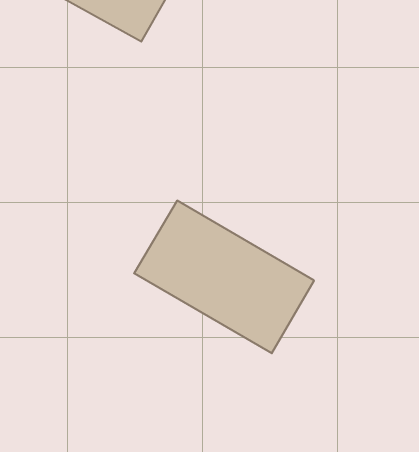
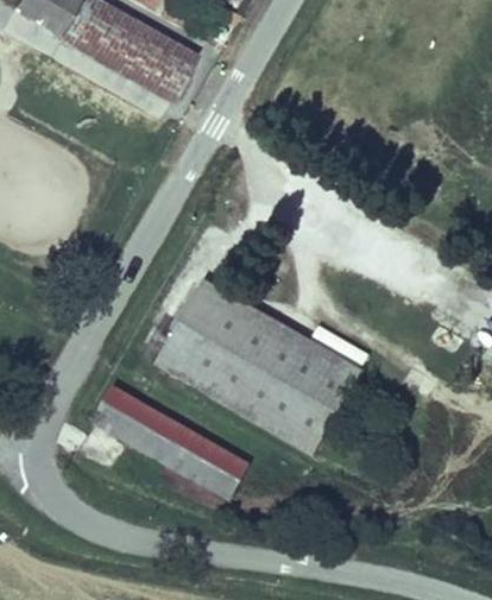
building: none -> [94,386,247,498]

